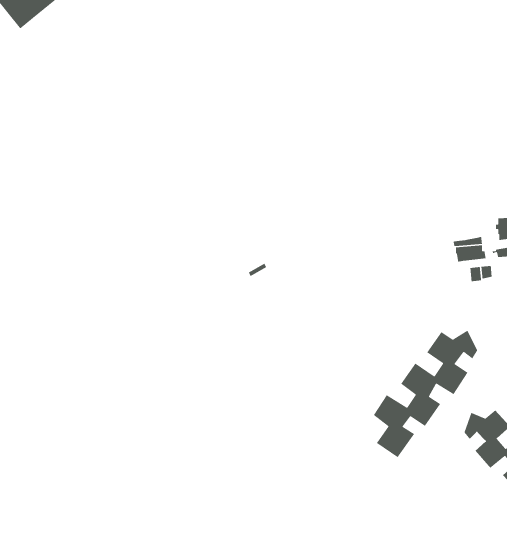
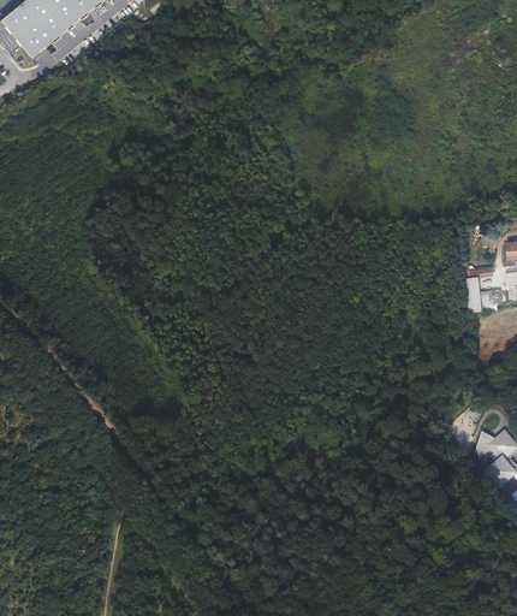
building: [373,329,478,458] -> none

